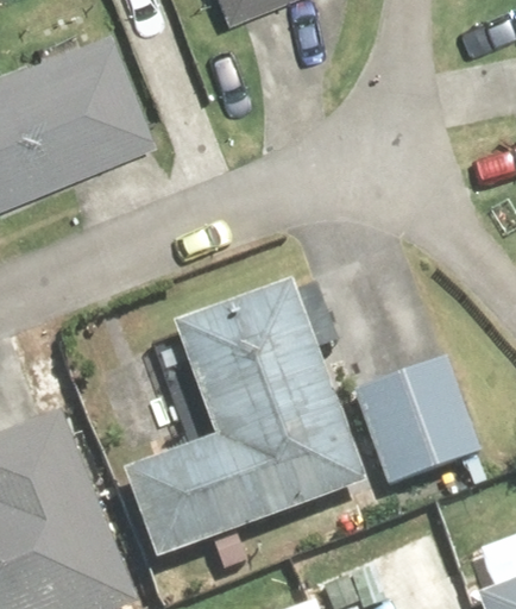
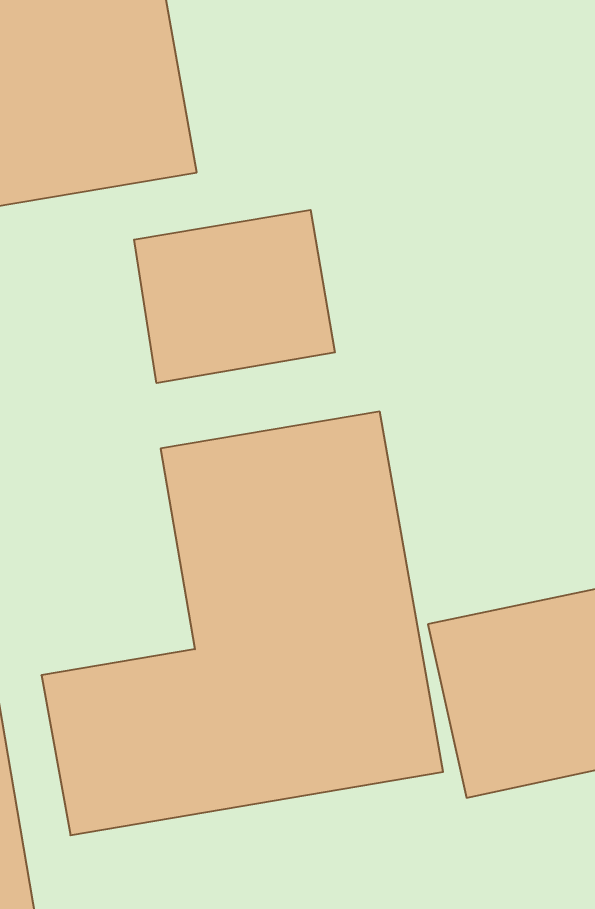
building: none -> [134,210,335,383]

